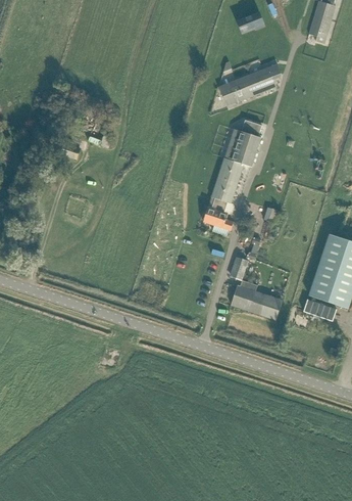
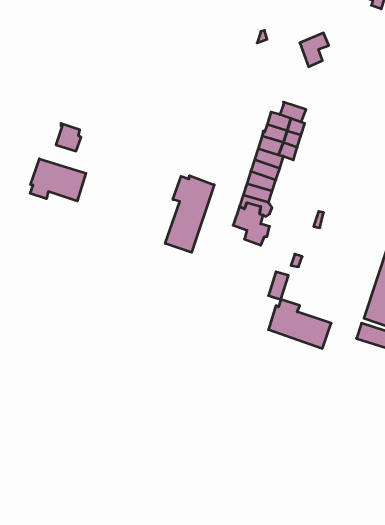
building: [219,71,264,104] -> none
building: none -> [30,159,86,201]
building: none -> [165,176,214,252]

